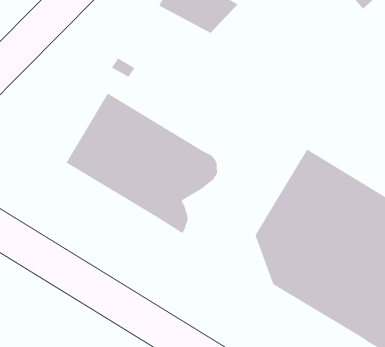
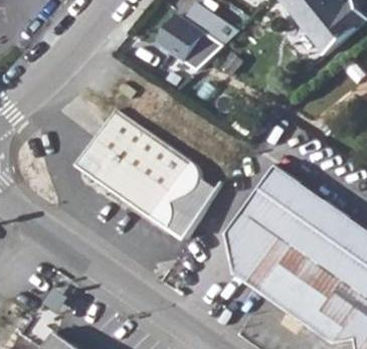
building: none -> [168,177,216,239]

